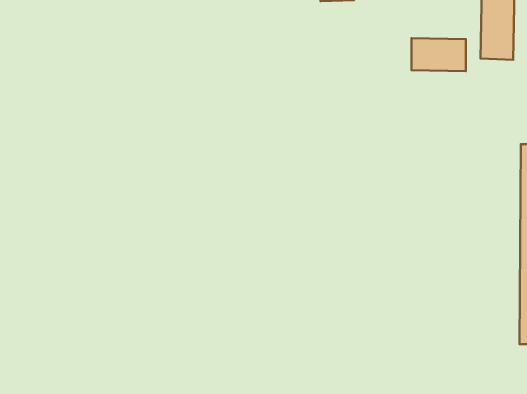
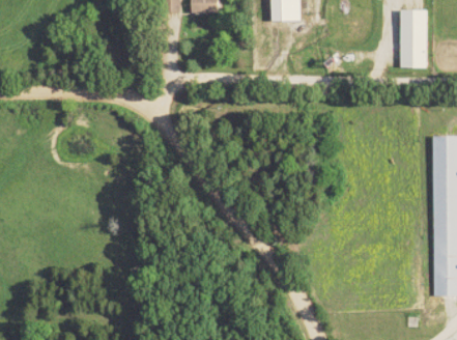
building: [411,38,466,71] -> none

